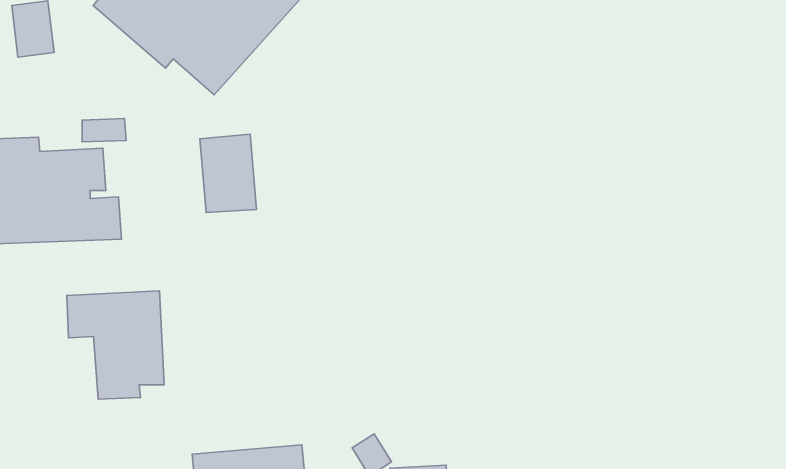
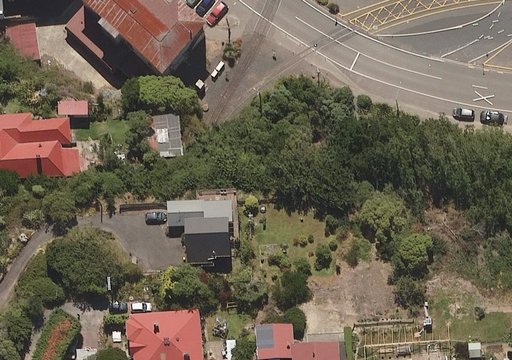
building: [67,291,164,399] -> [167,196,229,265]

